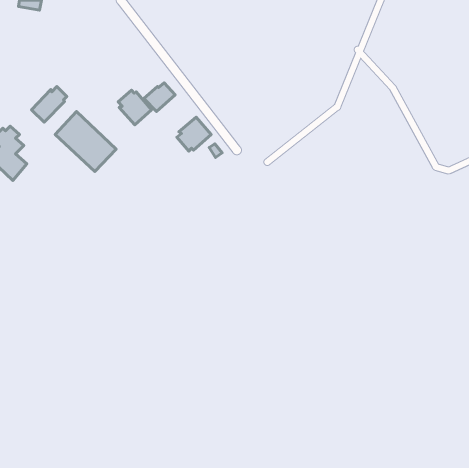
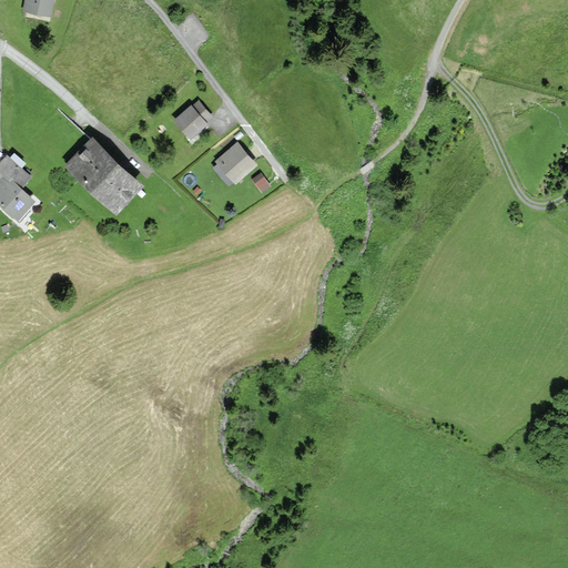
building: [31,87,67,122] -> none
building: [118,90,152,125] -> none

